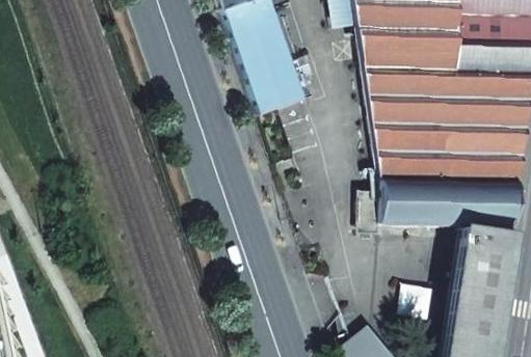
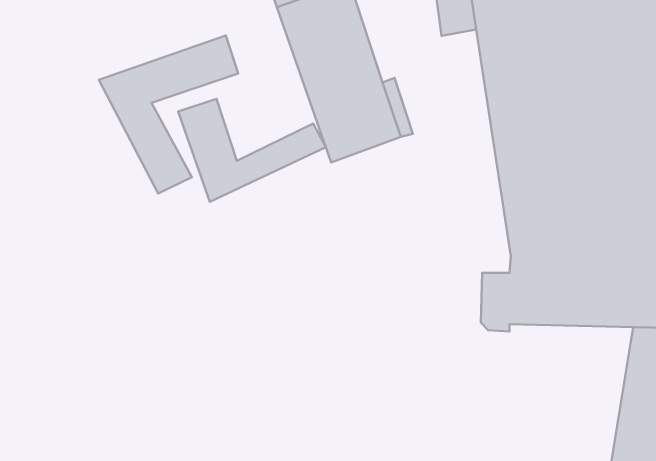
building: none -> [99,35,238,194]
building: none -> [178,99,326,202]

